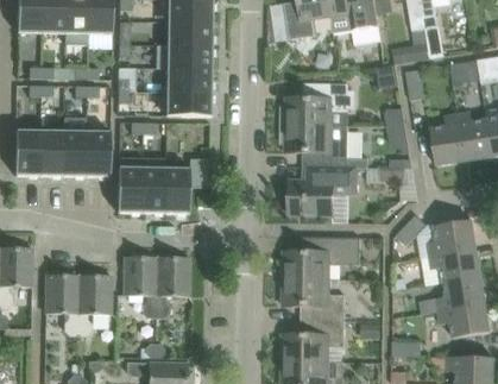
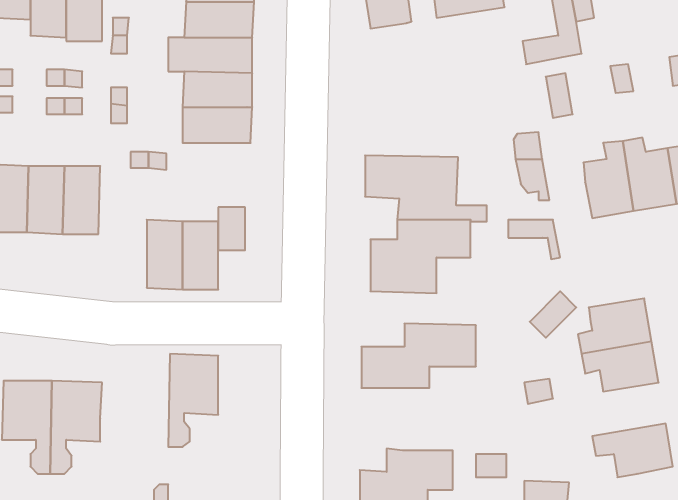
building: [285,82,352,125] -> none
building: [116,166,140,212] -> none
building: [122,256,156,317] -> none
building: [422,275,485,313] -> none
building: [283,278,345,320] -> none

